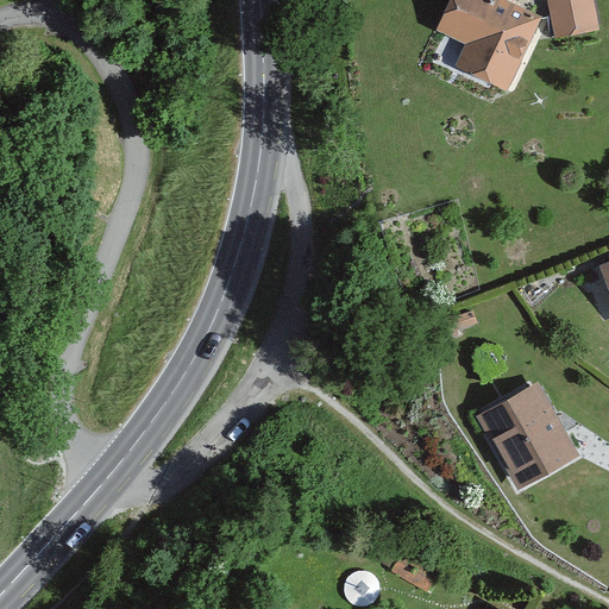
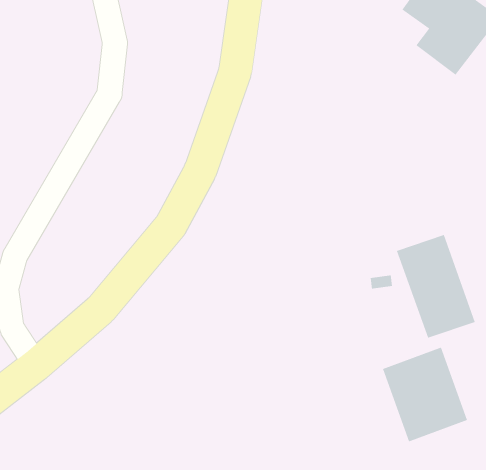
building: none -> [396,234,476,339]

